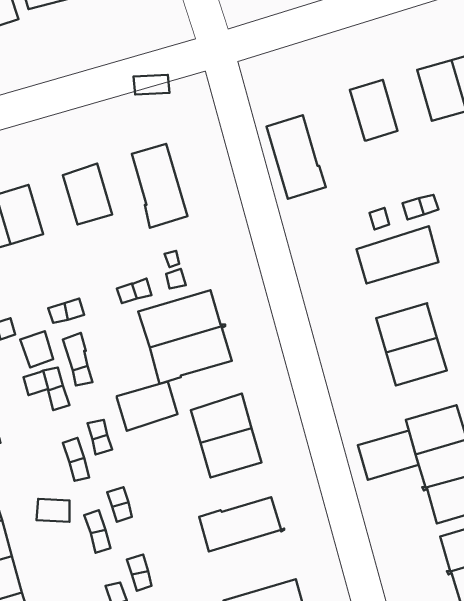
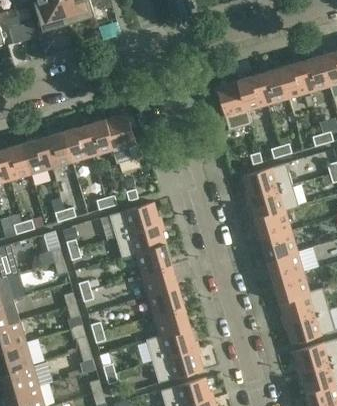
building: none -> [258,68,288,105]
building: [267,115,326,199] -> [216,80,252,131]
building: none -> [84,119,114,156]
building: none -> [42,132,72,168]
building: none -> [246,185,298,219]
building: [117,381,178,431] -> [135,245,172,275]
building: [358,430,419,480] -> [266,251,303,281]
building: none -> [153,307,190,337]
building: none -> [152,348,203,383]

